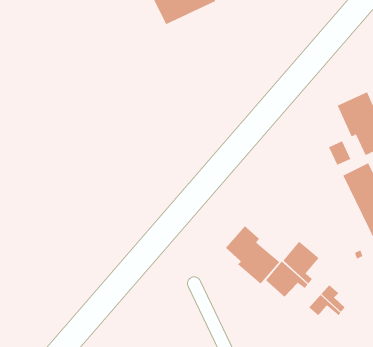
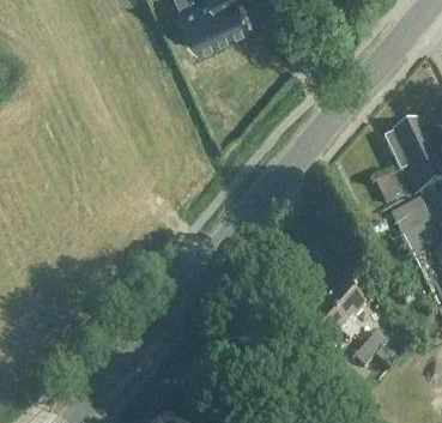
building: [225,225,280,284] -> none

